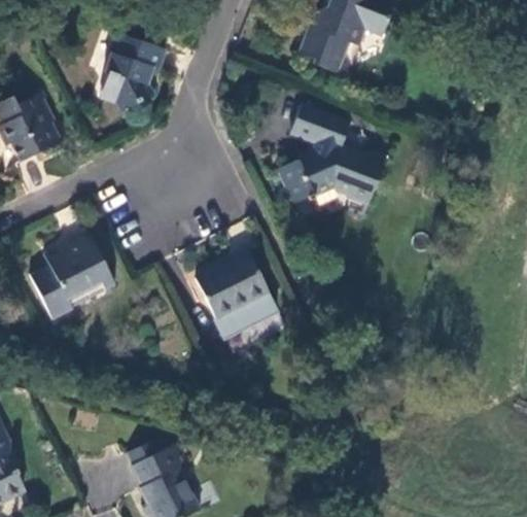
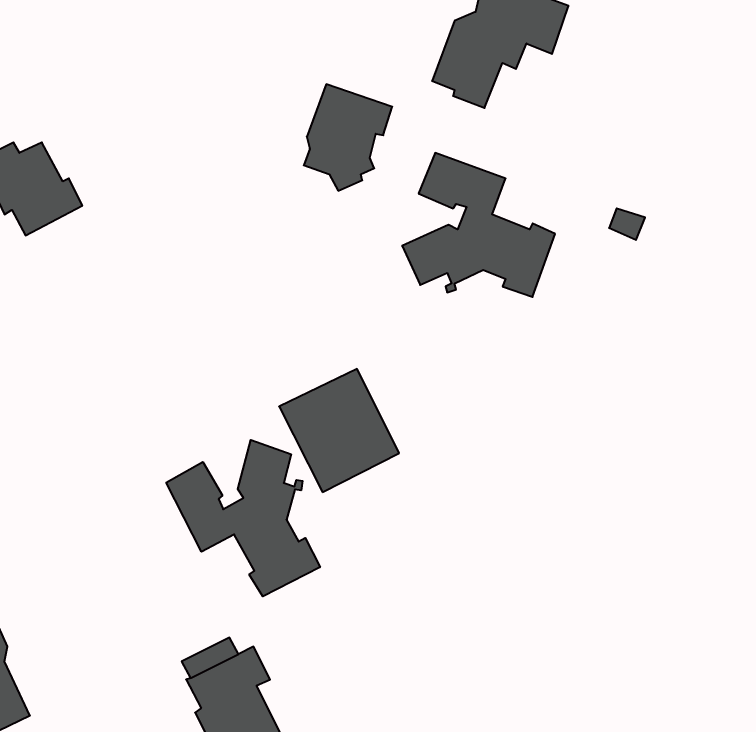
building: [103,35,164,108] -> [304,84,392,191]
building: [29,233,115,320] -> none
building: none -> [166,440,320,596]

